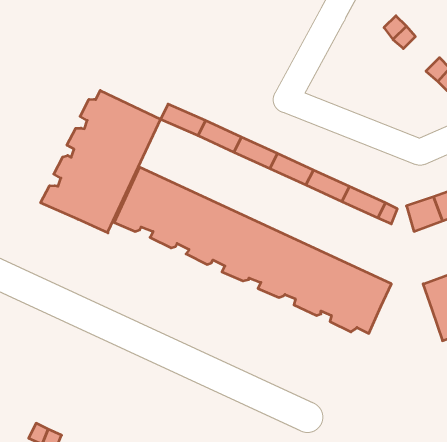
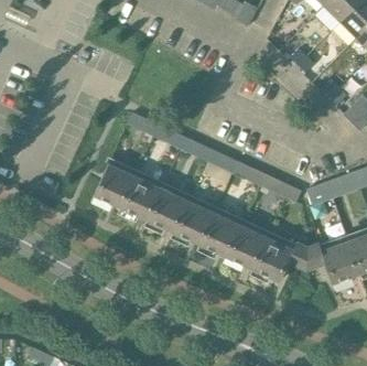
building: [41,90,161,233] -> none
building: none -> [288,241,325,270]

